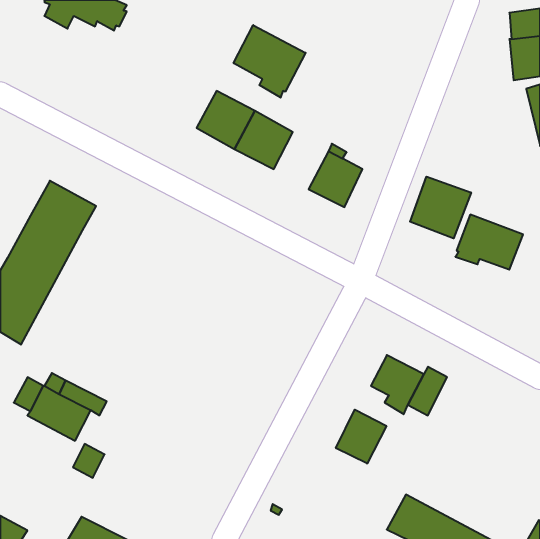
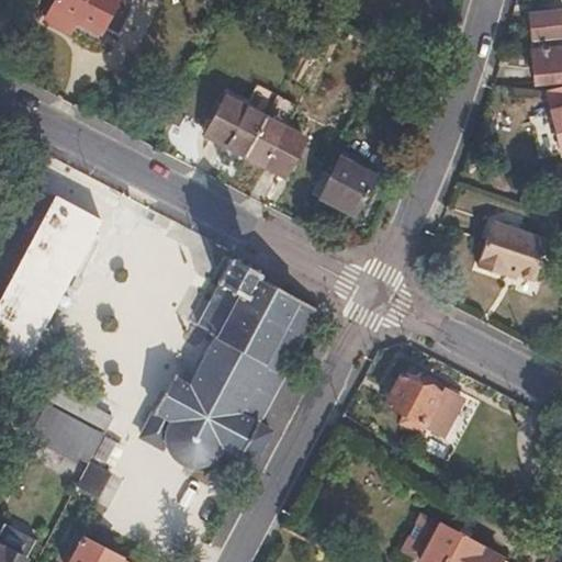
building: [234,25,306,98] -> none
building: [410,177,471,238] -> none
building: none -> [144,258,324,464]
building: [336,410,386,464] -> none

